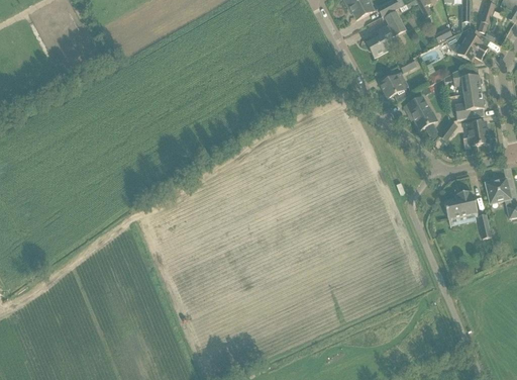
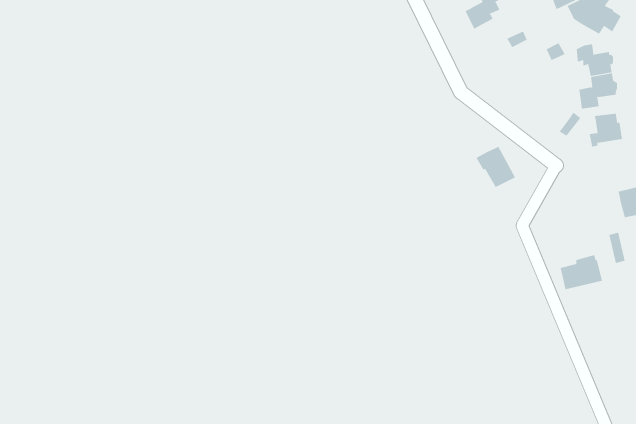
building: [380,72,412,101] -> none
building: [404,96,435,128] -> [475,146,516,188]
building: [443,190,477,217] -> [560,255,603,290]

